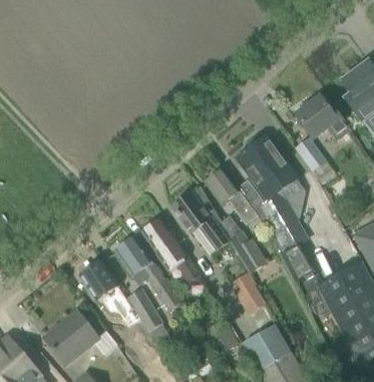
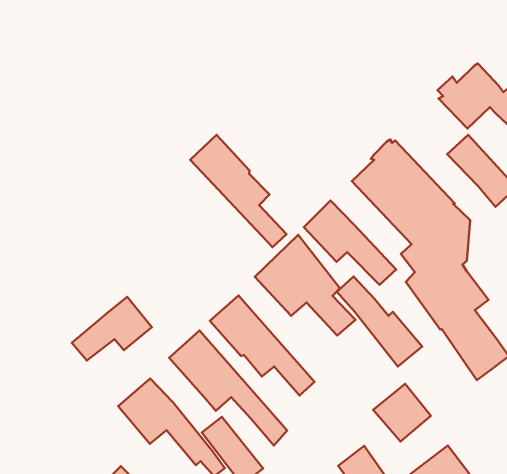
building: none -> [190,135,287,247]
building: none -> [72,297,152,361]

